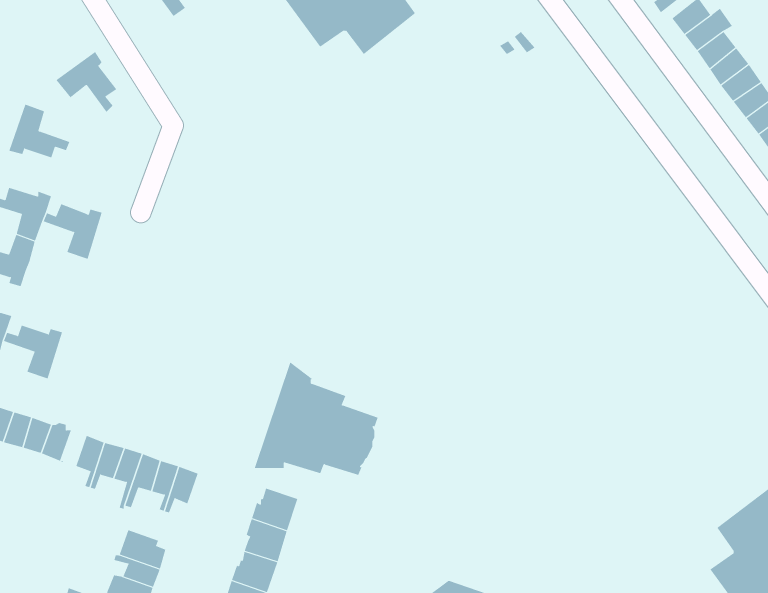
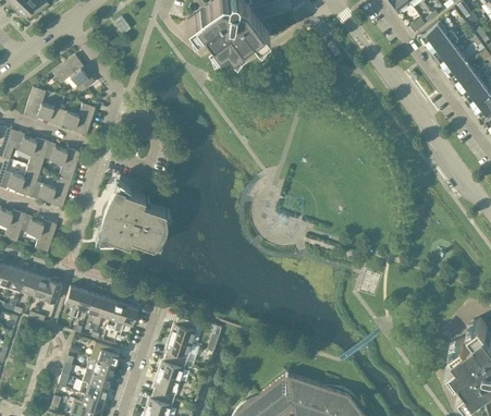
building: none -> [59,105,96,137]
building: none -> [35,178,72,209]
building: [254,362,379,476] -> [95,179,170,247]

